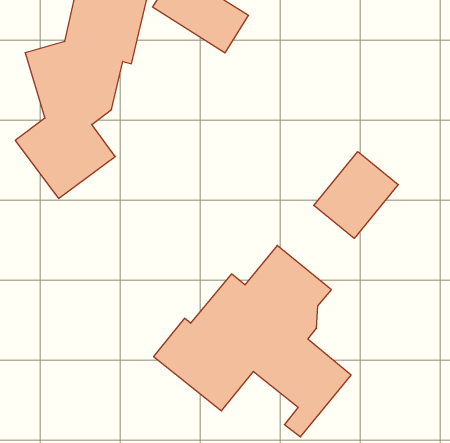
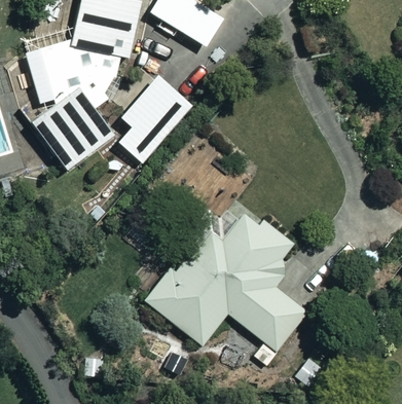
building: none -> [116,73,193,163]
building: [314,152,398,238] -> none

